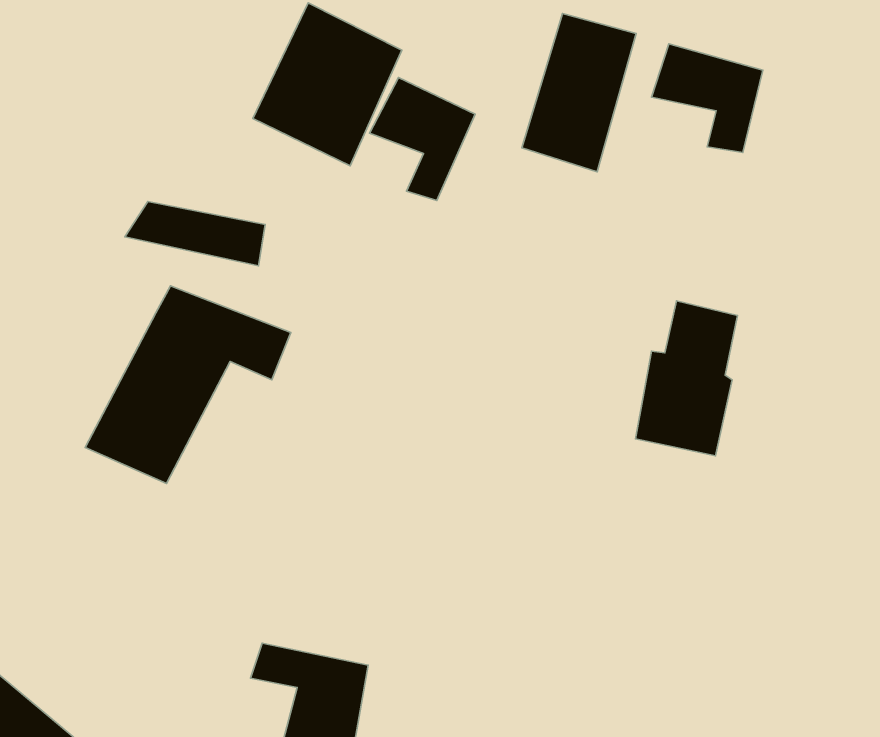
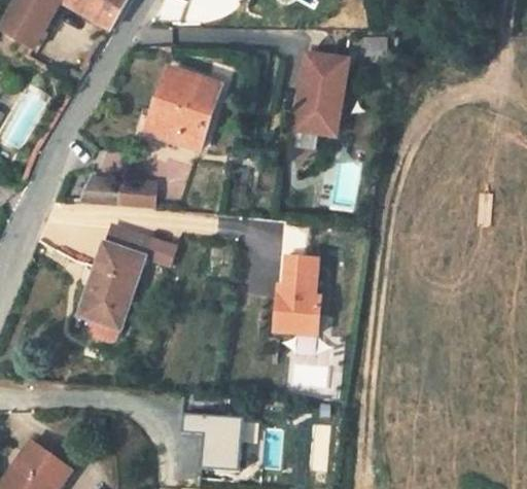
building: [652,44,763,153] -> none
building: [370,78,475,200] -> none
building: [636,301,738,456] -> [272,254,320,336]

